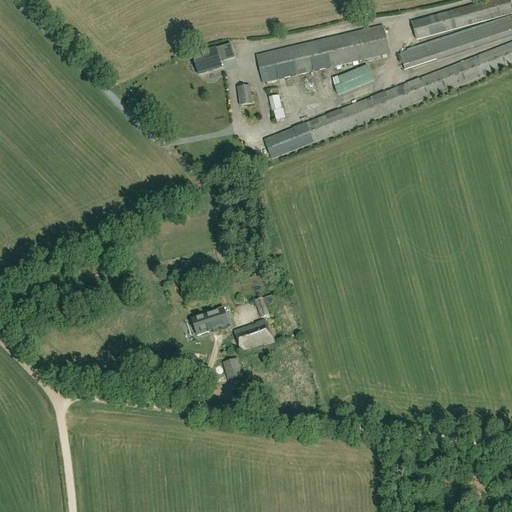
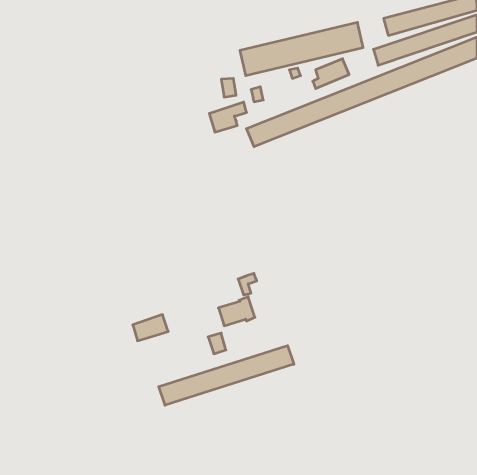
building: [193,42,233,74] -> [209,102,247,132]
building: [192,306,230,334] -> [133,315,168,341]
building: none -> [159,346,294,405]

